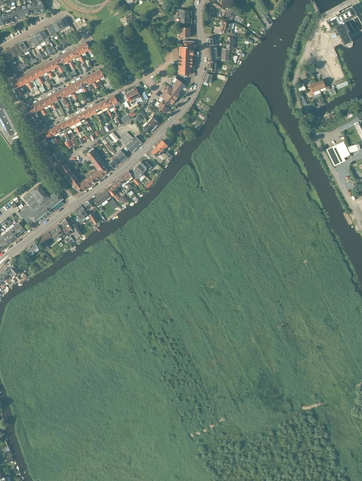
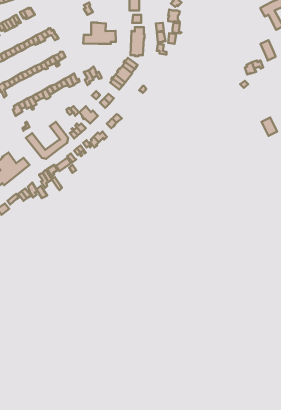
building: none -> [83,22,116,44]

